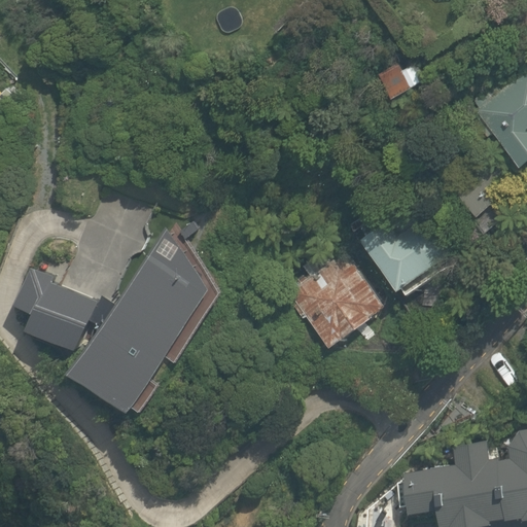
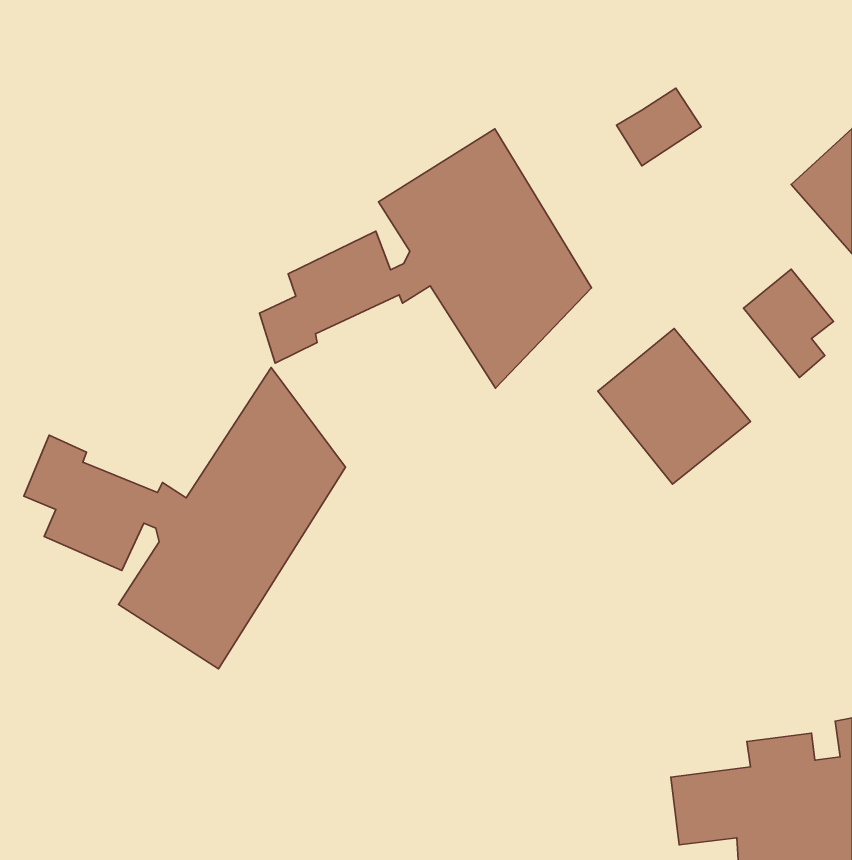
building: none -> [260,129,592,388]
building: [281,255,379,351] -> none

